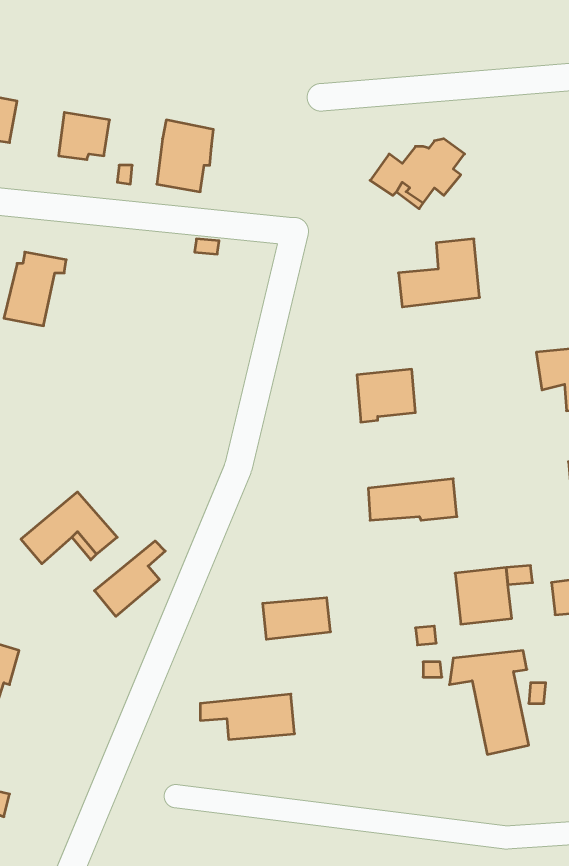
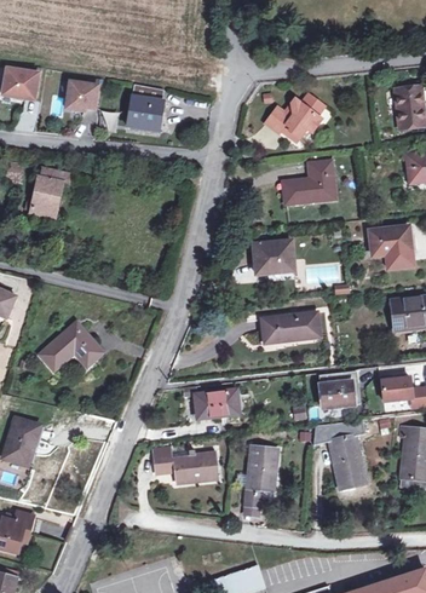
building: [94,541,165,616] -> none
building: none -> [243,450,276,507]

